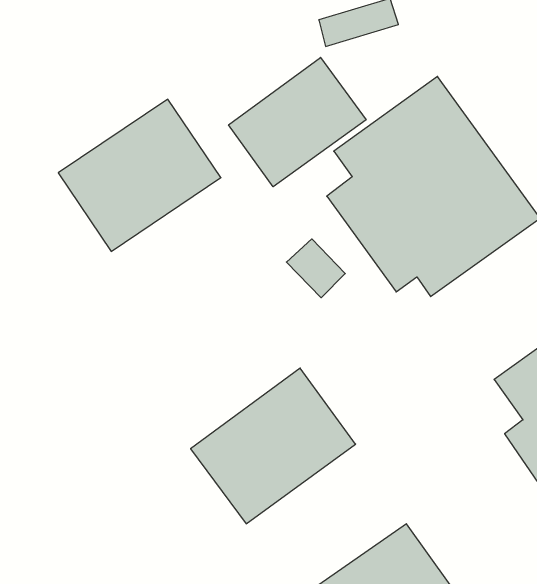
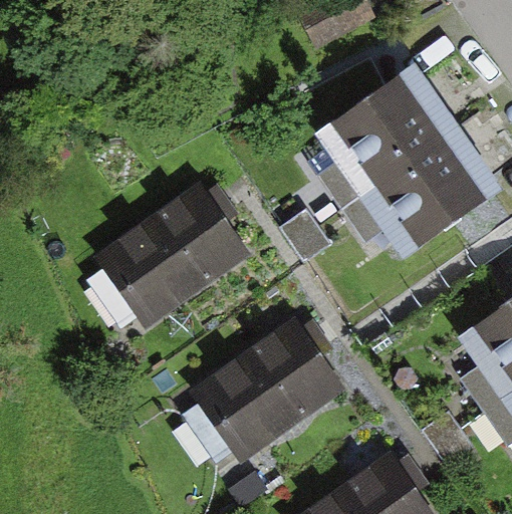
building: [229,57,366,187] -> none
building: [58,99,221,251] -> [100,188,242,320]

